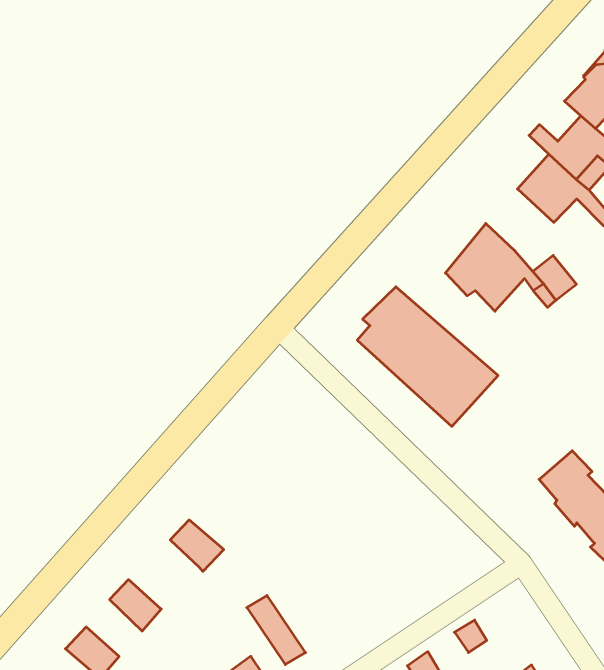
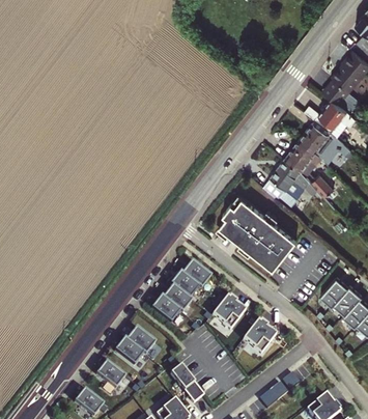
building: none -> [284,137,322,170]
building: none -> [152,260,210,322]
building: none -> [213,296,245,329]
building: none -> [243,319,275,353]
building: none -> [115,337,144,364]

